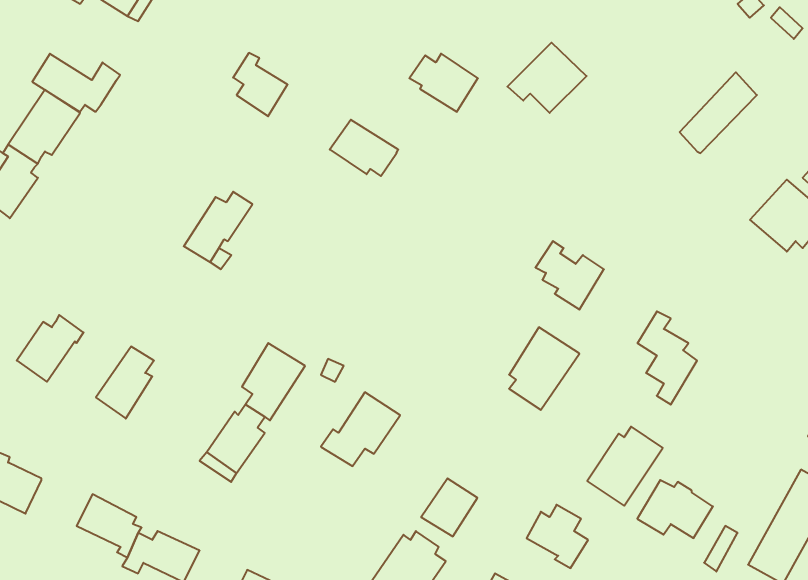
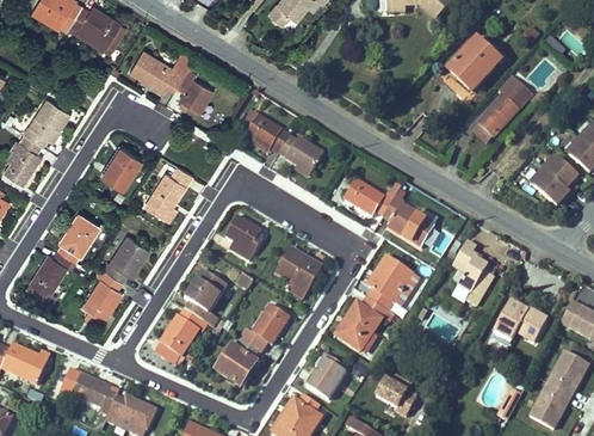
building: [507,43,587,113] -> [447,42,501,90]
building: [409,54,478,112] -> [278,136,324,176]
building: [32,54,120,112] -> [131,51,191,91]
building: none -> [101,146,140,188]
building: none -> [342,179,395,217]
building: none -> [60,209,100,259]
building: none -> [223,219,260,263]
building: none -> [104,233,150,278]
building: none -> [274,244,321,289]
building: [587,427,663,506] -> [335,297,386,351]
building: none -> [215,340,261,382]
building: [637,480,713,538] -> [495,301,546,340]

